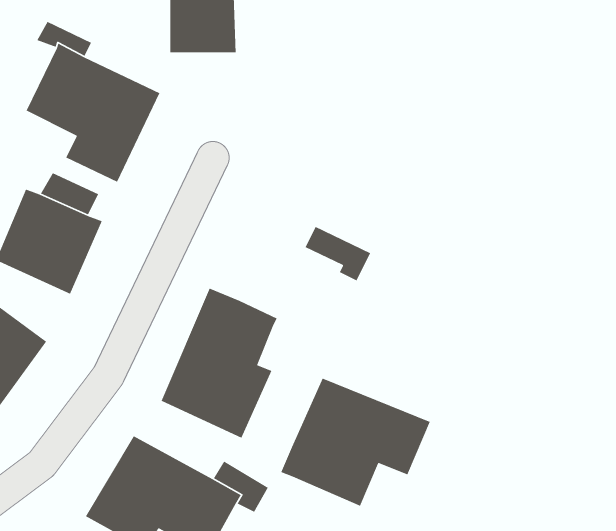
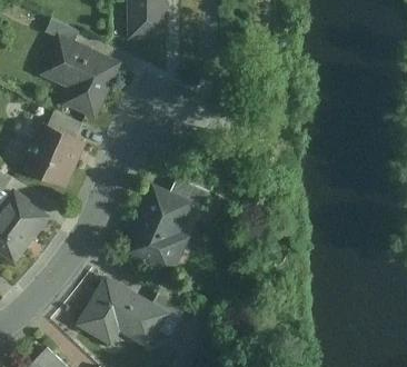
building: [304,226,371,282] -> [169,177,210,211]
building: [280,377,431,507] -> none

